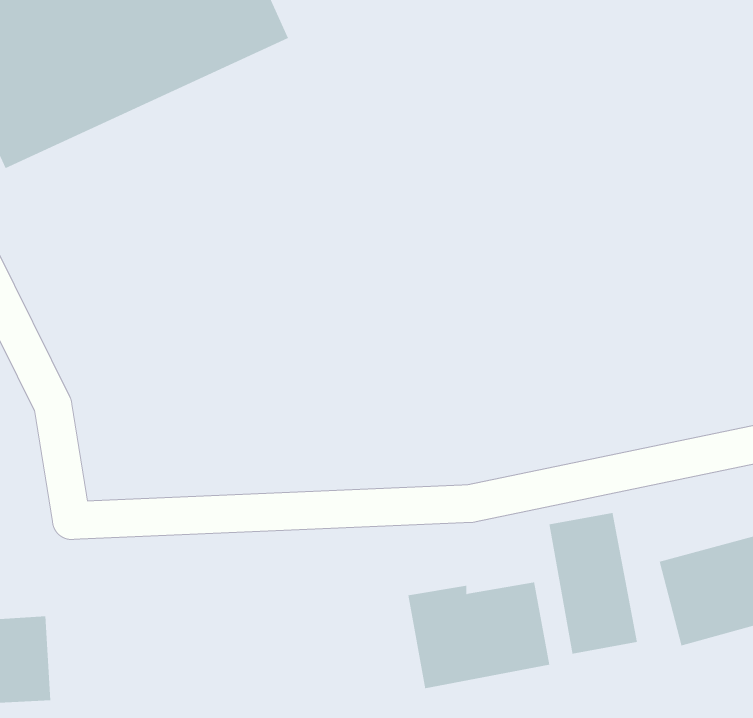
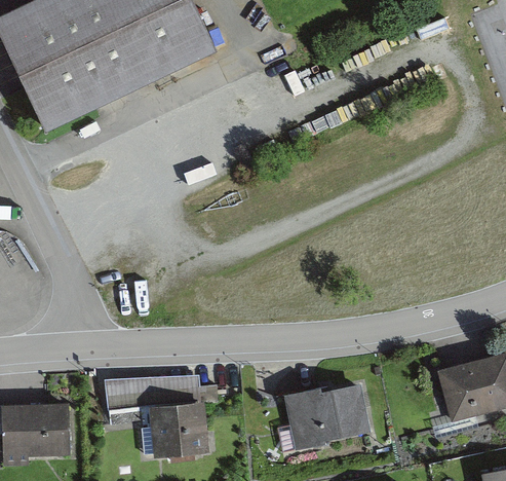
building: [549,512,637,654] -> none
building: none -> [108,376,210,455]

